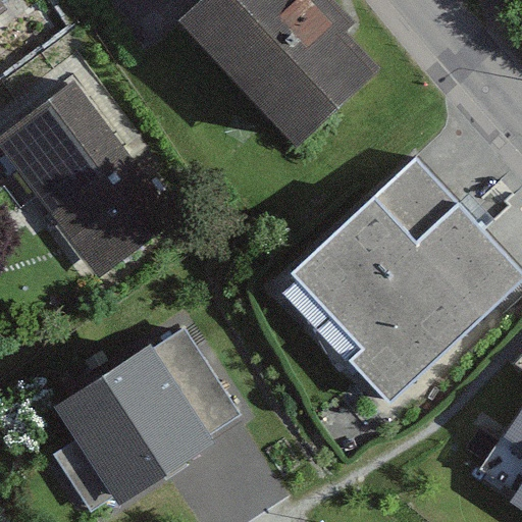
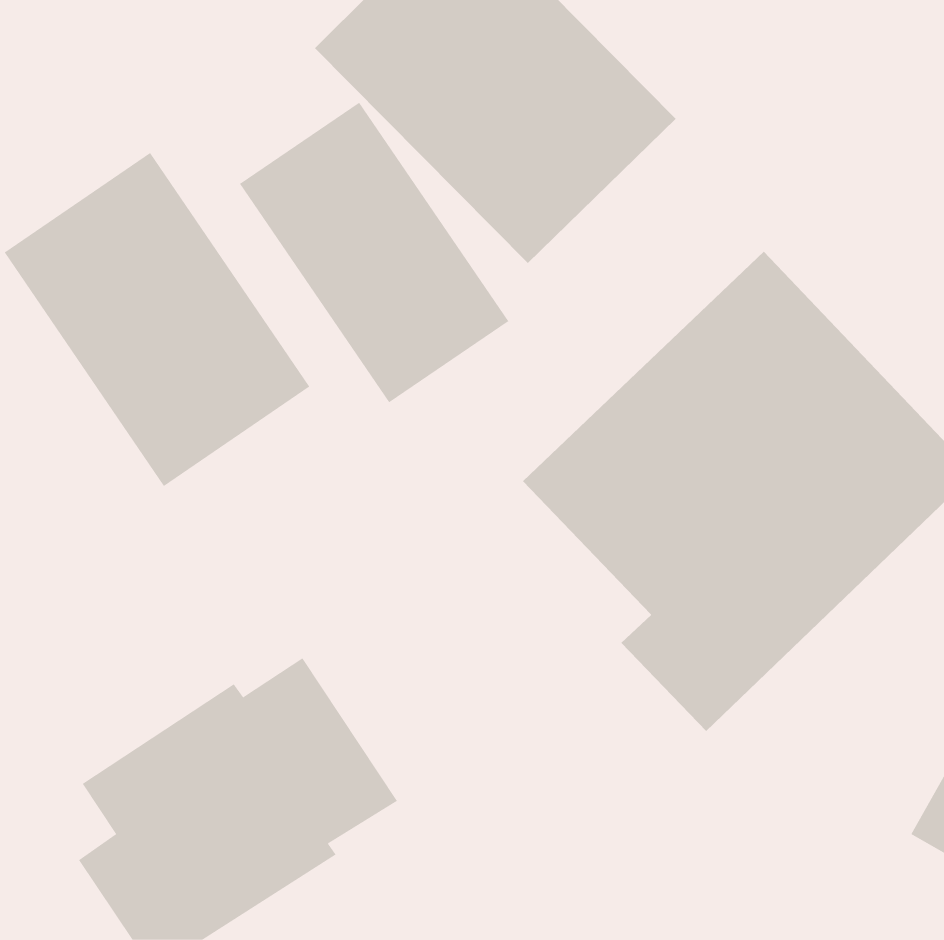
building: none -> [239,102,509,403]

